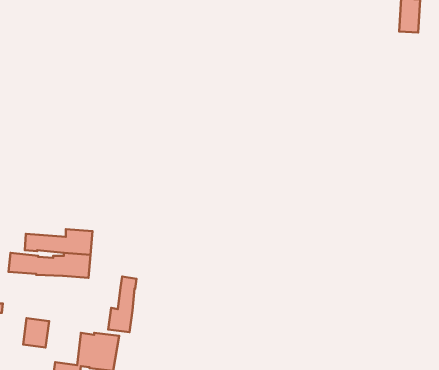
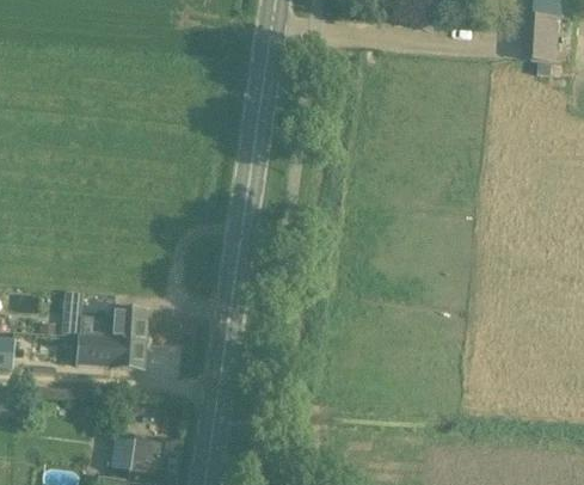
building: [108,277,137,332] -> none
building: [23,318,49,348] -> none

